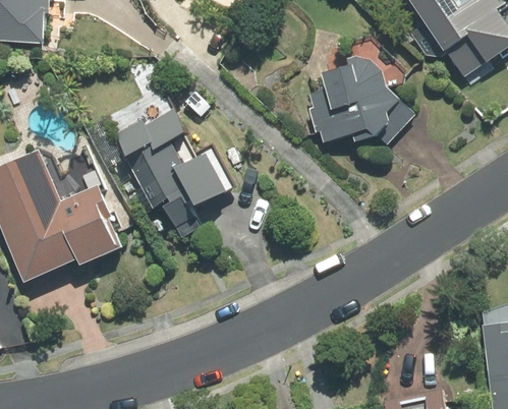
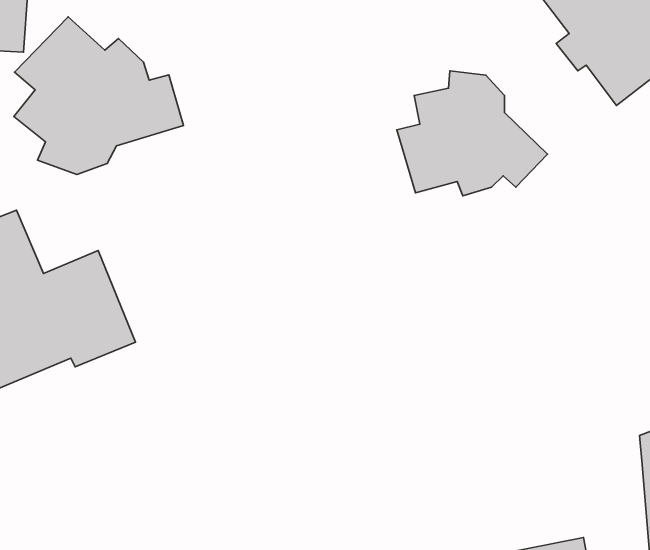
building: none -> [14,17,183,175]
building: [112,105,237,239] -> none

